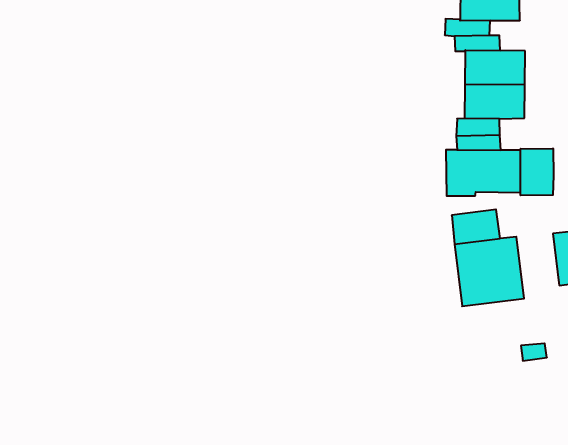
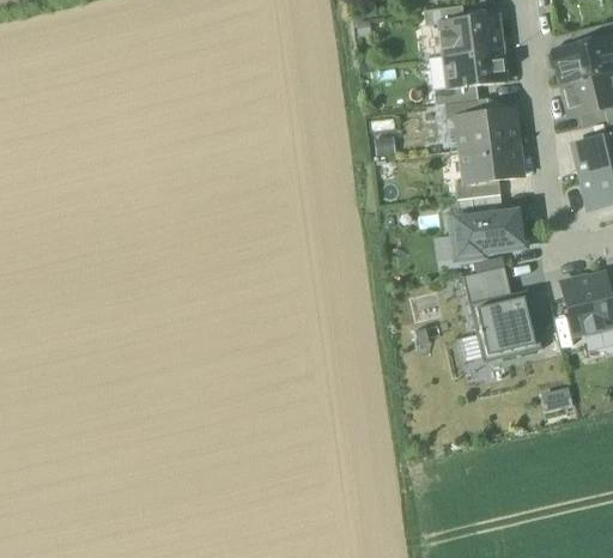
building: [521,148,554,195] -> none

